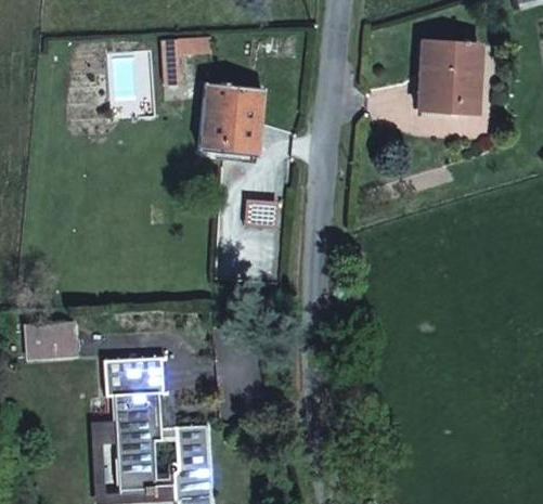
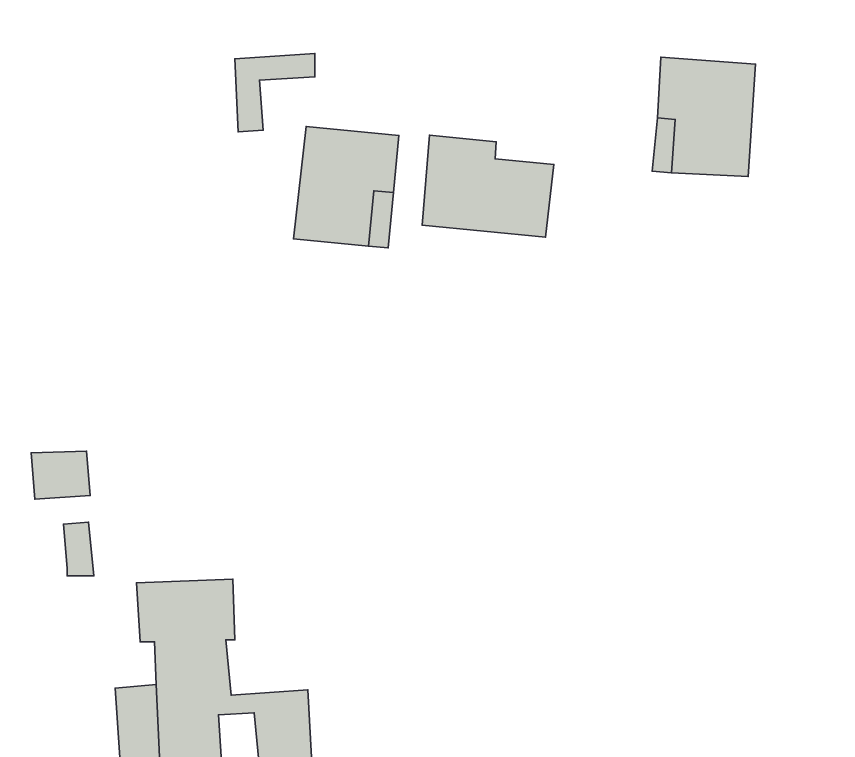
building: none -> [422,135,554,237]
building: [26,324,62,353] -> [31,451,90,499]

